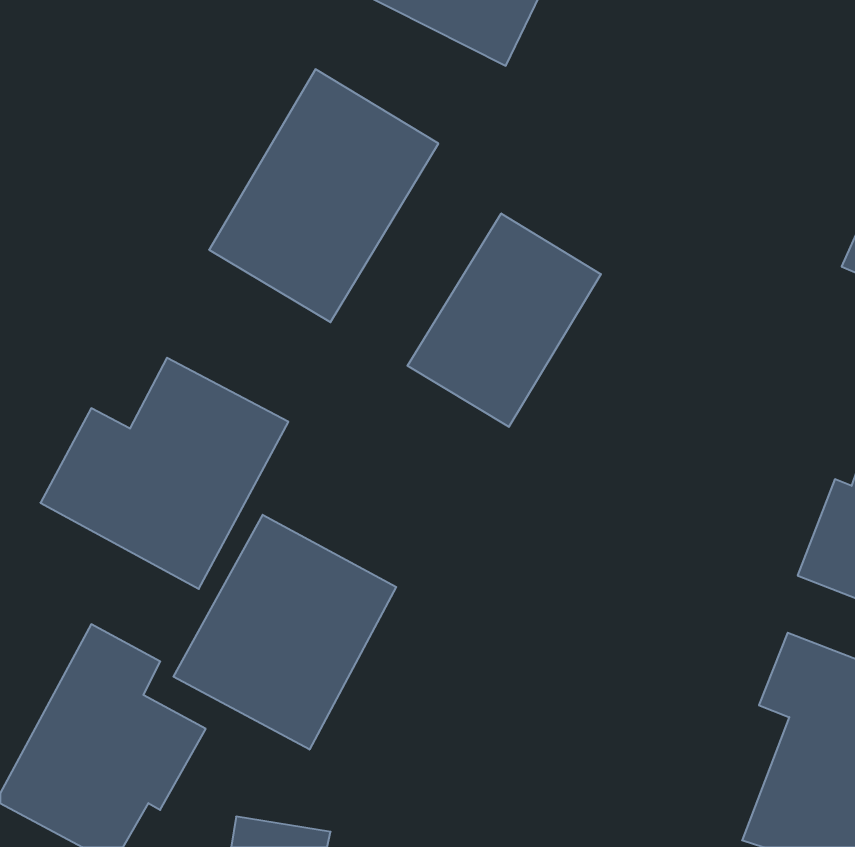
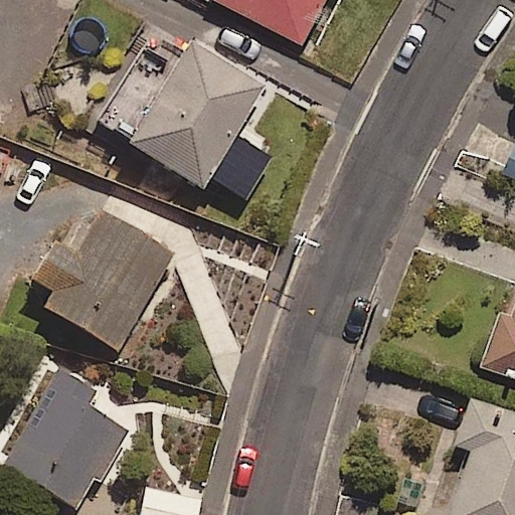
building: [407,213,601,427] -> none
building: [173,515,396,750] -> none

